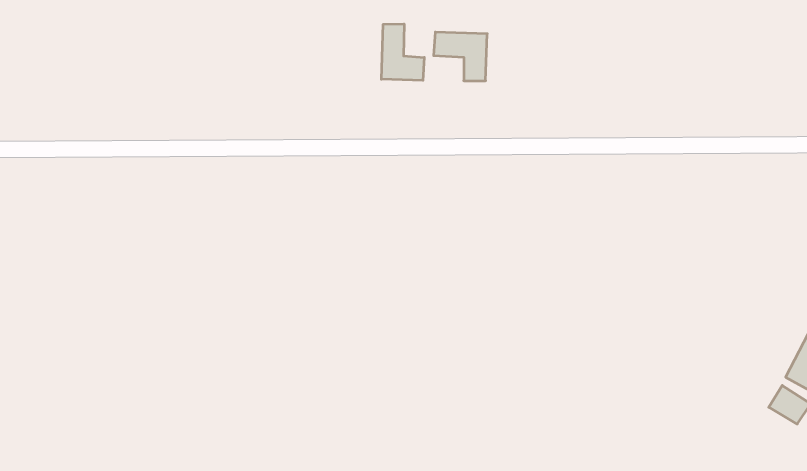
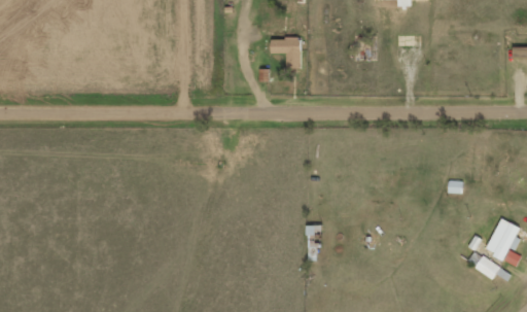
building: [381,24,424,80] -> none

